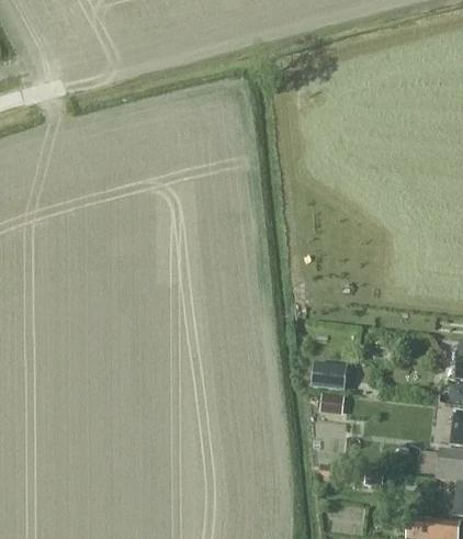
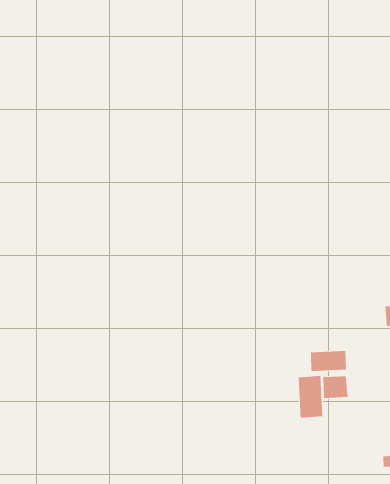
building: none -> [298,375,323,419]

